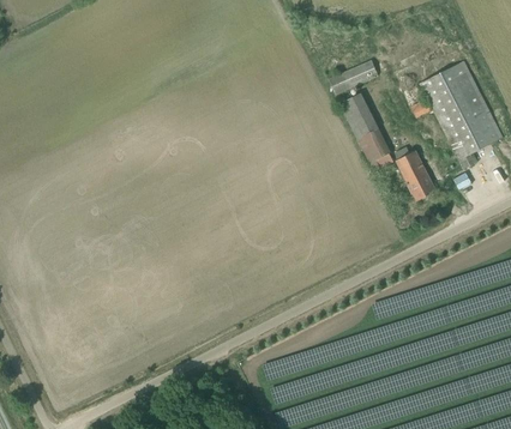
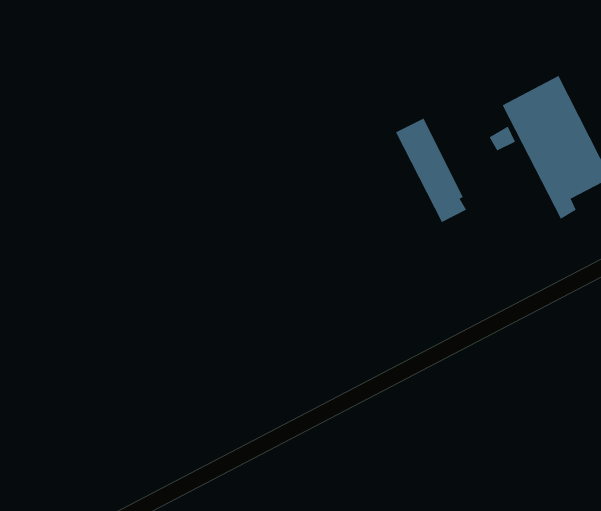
building: [329,58,379,93] -> none
building: [396,150,435,199] -> none

